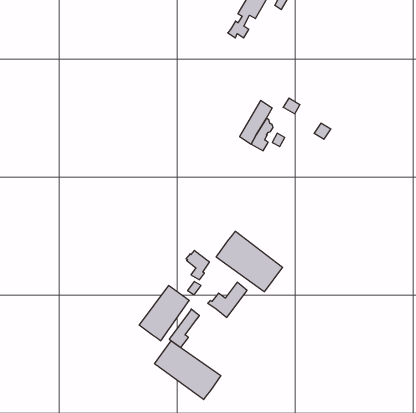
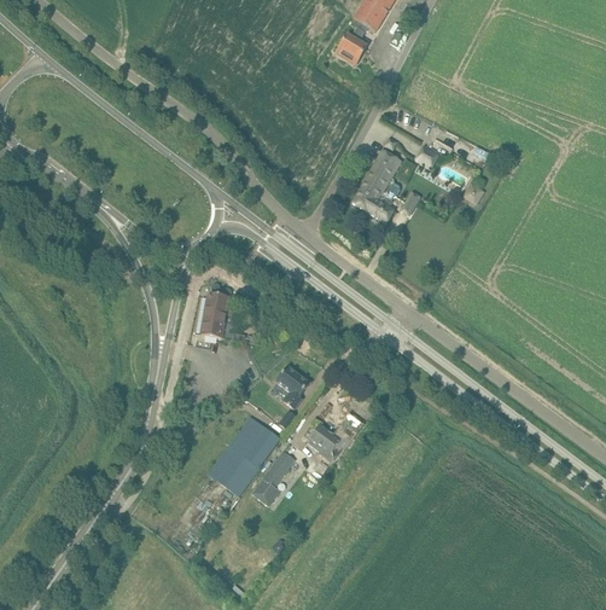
building: none -> [199,292,244,341]
building: [216,231,283,292] -> none
building: [155,341,221,400] -> none

